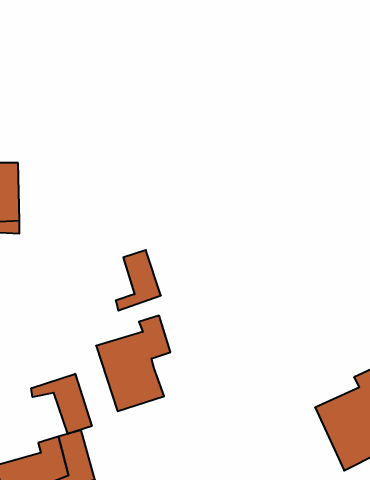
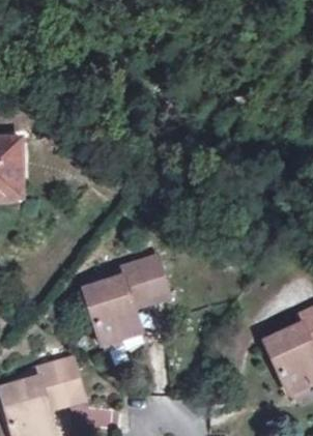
building: [116,250,161,311] -> [131,258,168,308]
building: [31,374,92,434] -> none

